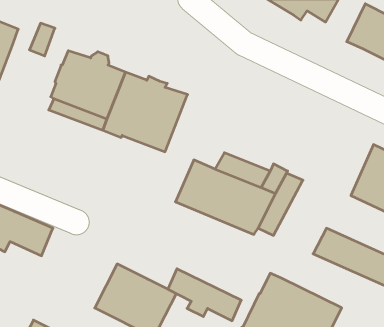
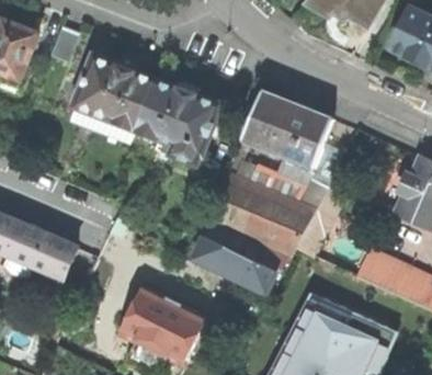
building: none -> [240,90,332,168]
building: [168,269,241,321] -> [196,236,275,292]

